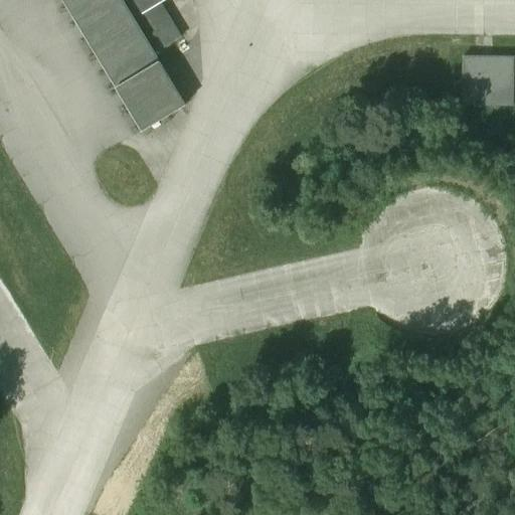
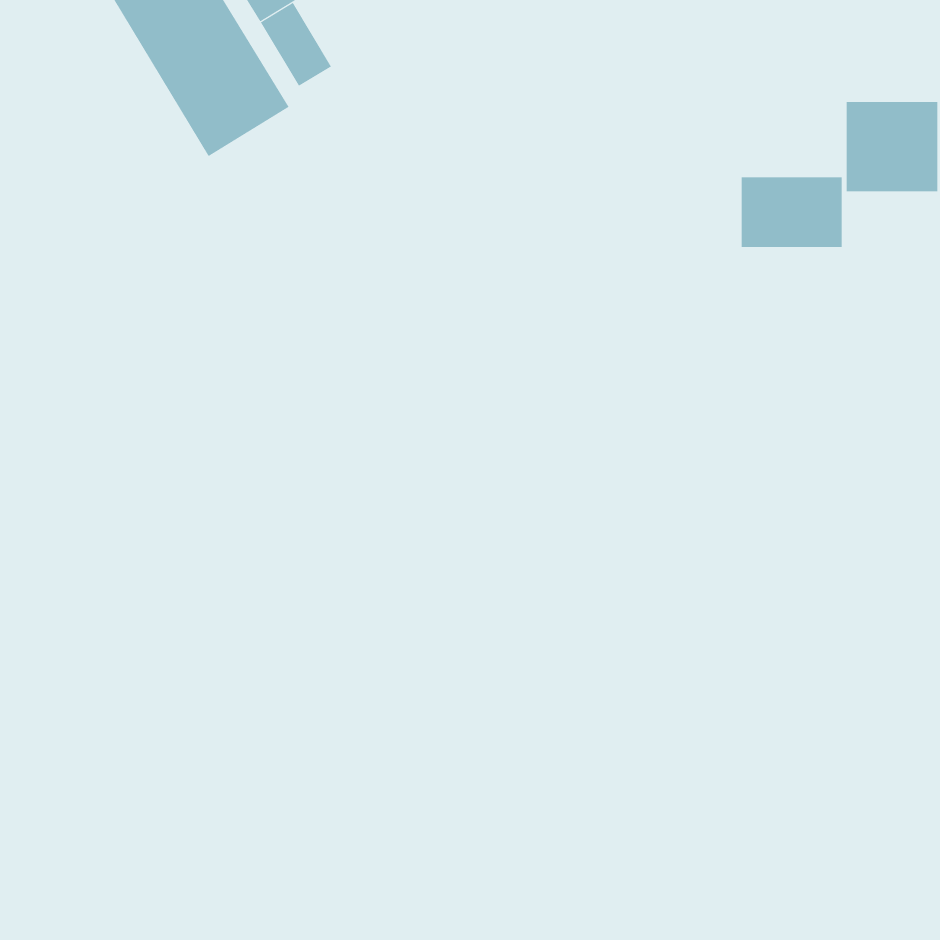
building: [115,58,186,130] -> none
building: none -> [741,176,842,248]

